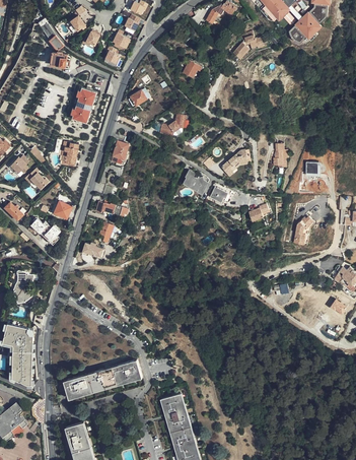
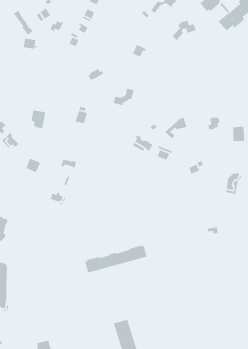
building: [71,87,96,122] -> none
building: [30,215,61,244] -> none
building: [64,360,141,396] -> [84,245,147,274]

